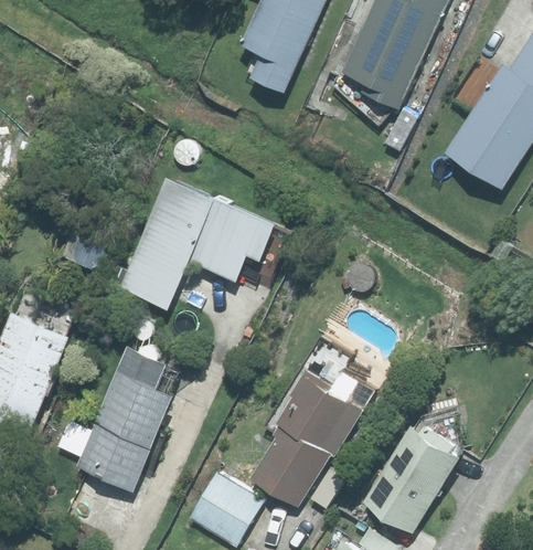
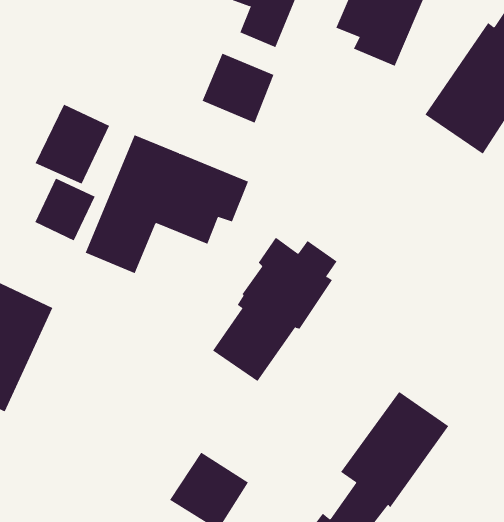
building: none -> [202,53,274,124]
building: none -> [35,104,110,185]
building: [75,345,179,494] -> none
building: [253,370,371,507] -> [212,237,338,382]

